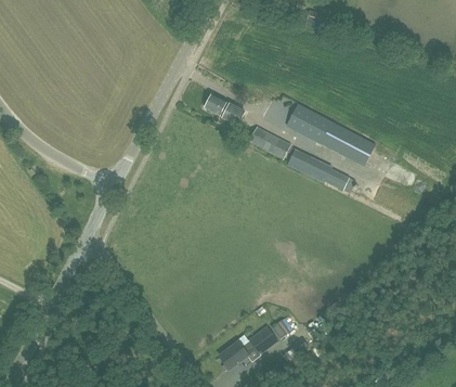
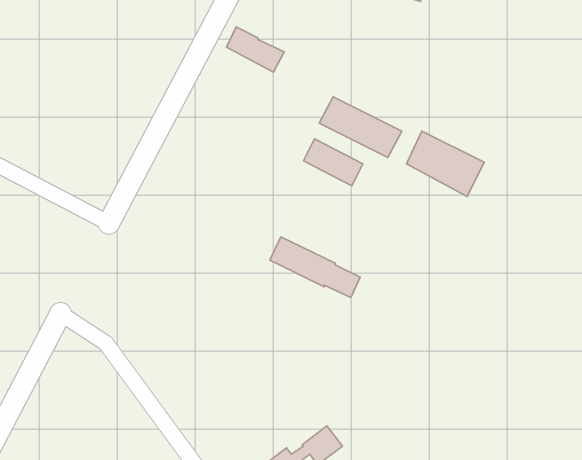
building: [206,92,246,124] -> [227,27,284,72]
building: [287,147,350,190] -> [270,237,360,298]

